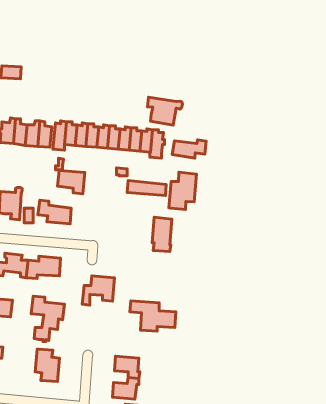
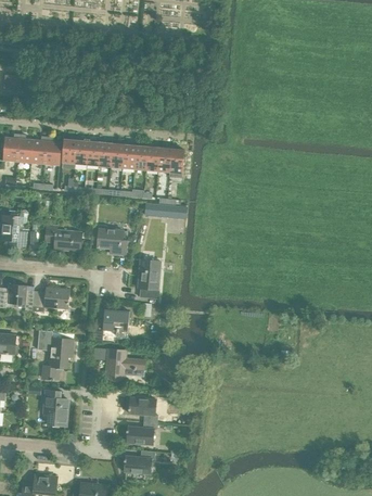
building: [147,97,182,125] -> none
building: [172,140,206,158] -> none
building: [57,170,85,194] -> [95,229,126,255]
building: [169,172,197,210] -> none
building: [152,217,172,252] -> [137,259,158,297]
building: [130,301,176,331] -> [92,347,143,381]

